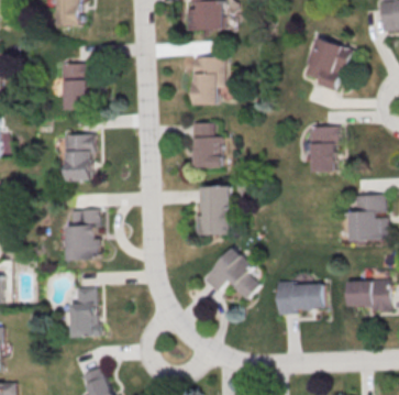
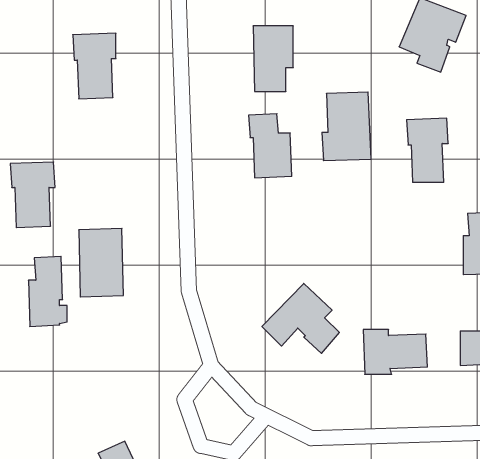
building: [63,134,96,183] -> [10,162,55,228]
building: [195,186,231,237] -> [322,92,371,161]
building: [71,287,100,339] -> [28,256,67,326]

